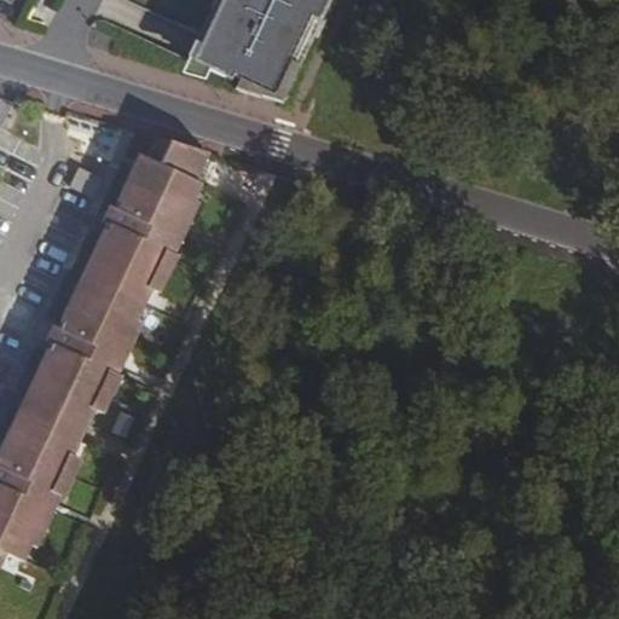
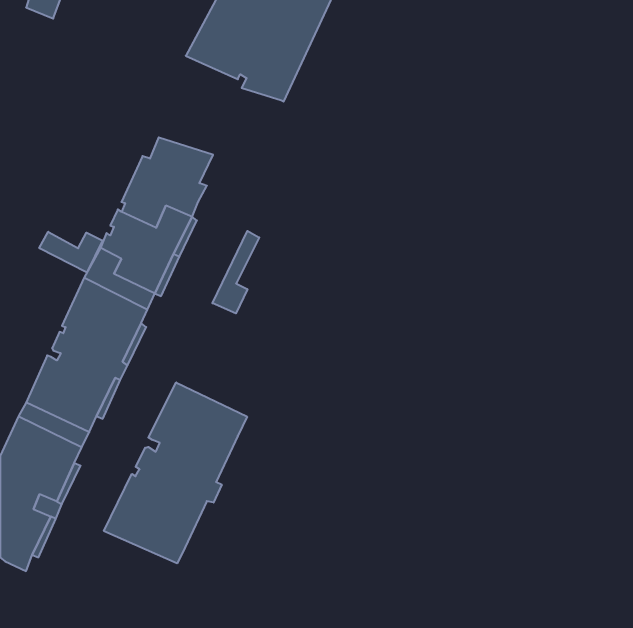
building: none -> [212,231,259,313]
building: none -> [39,232,103,273]
building: none -> [104,382,247,563]

